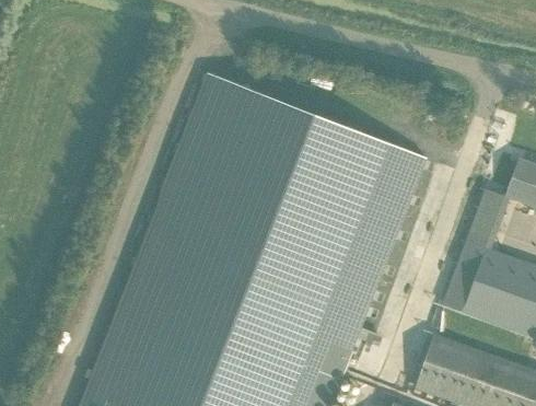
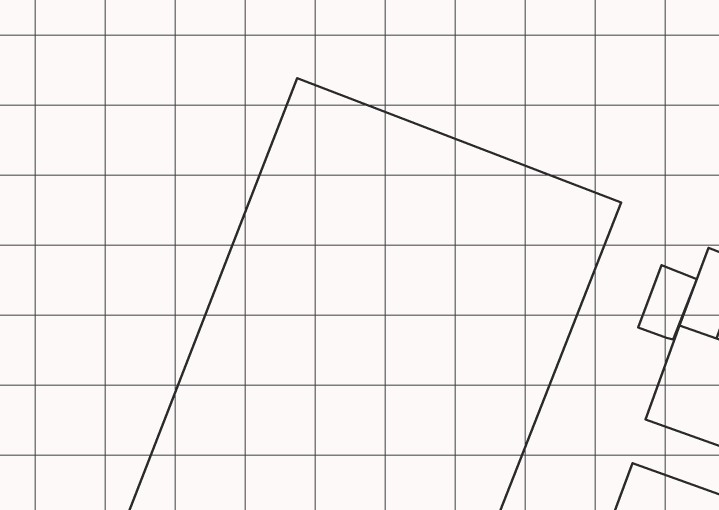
building: none -> [638,265,697,340]

